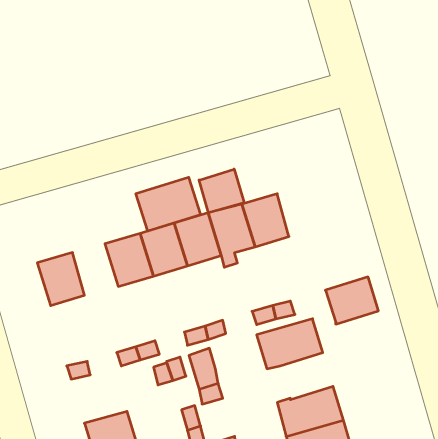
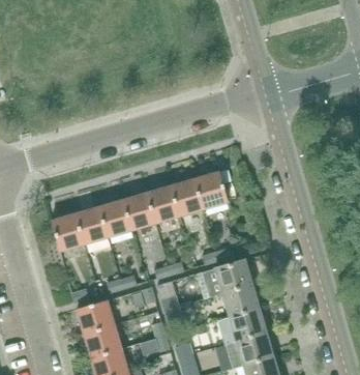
building: [199,169,244,213] -> none
building: [136,177,201,231] -> none
building: none -> [76,207,108,243]
building: [325,277,378,324] -> [221,284,259,317]
building: none -> [77,300,114,334]

